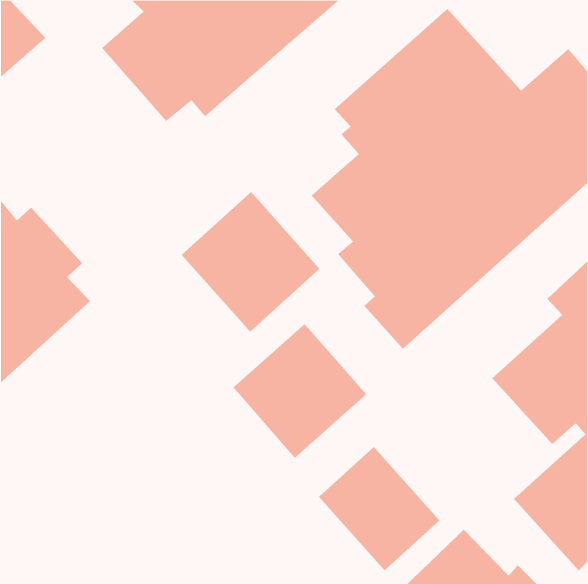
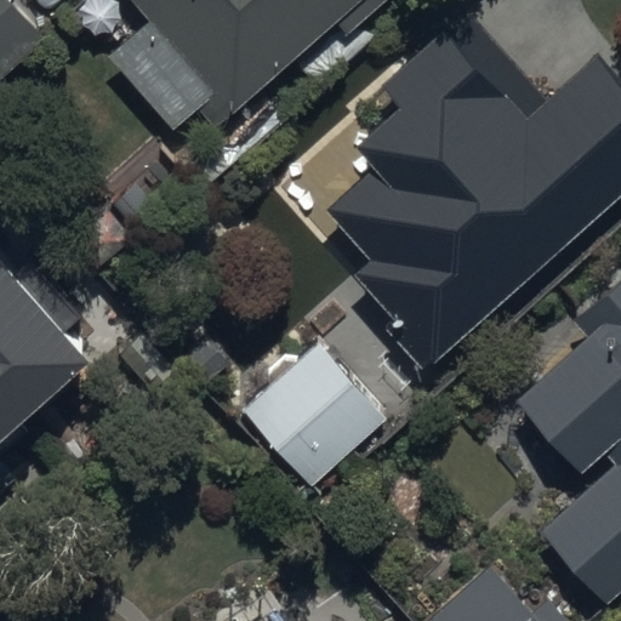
building: [181,191,320,333] -> none
building: [318,446,440,571] -> none

